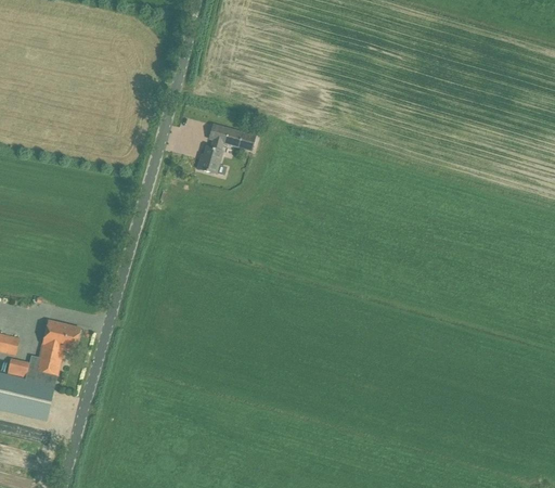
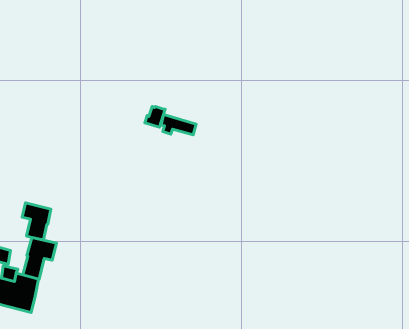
building: [208,123,255,150] -> [161,114,196,135]
building: none -> [22,203,51,240]

